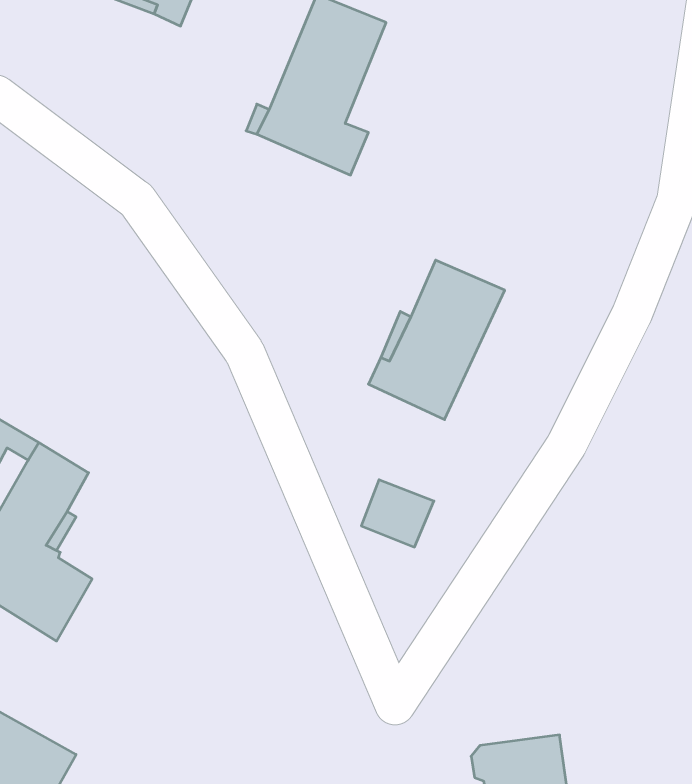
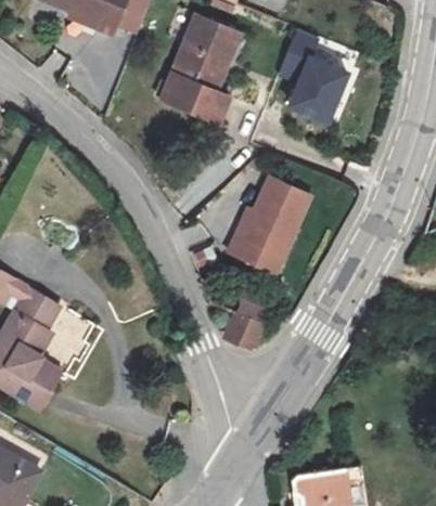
building: none -> [281,31,359,125]

